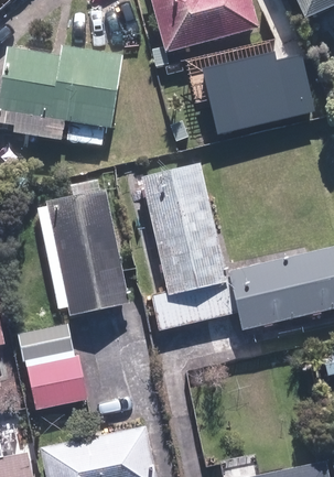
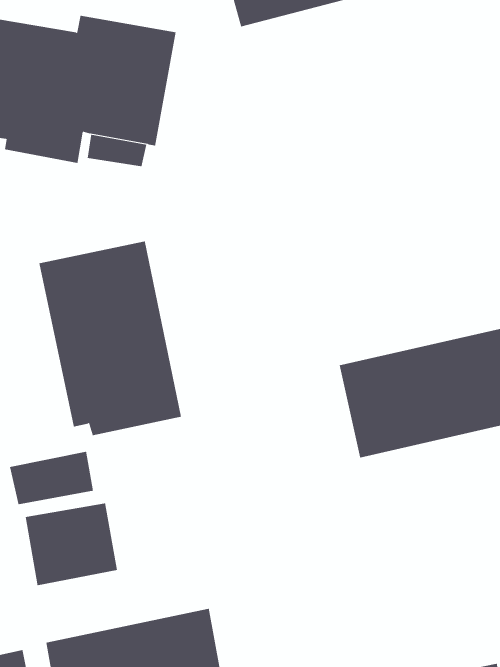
building: [200,52,313,135] -> none
building: [142,162,234,329] -> none

